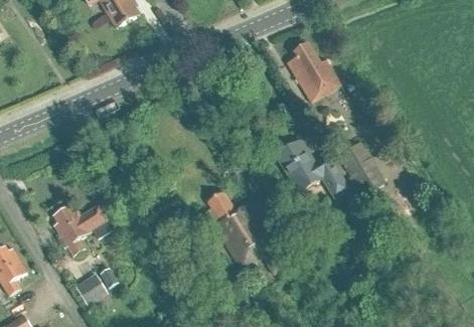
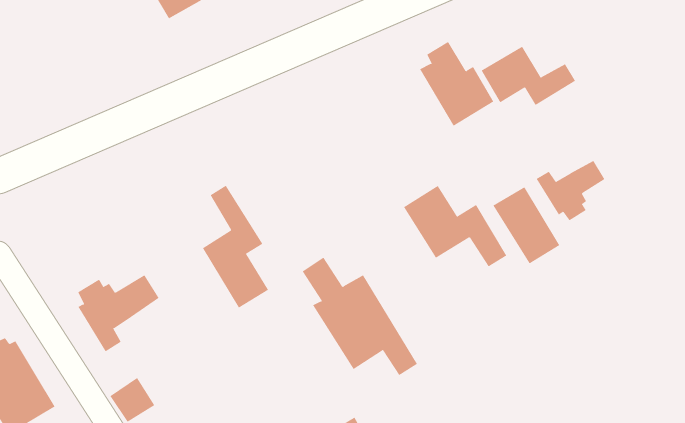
building: none -> [481,46,576,106]
building: none -> [536,160,605,221]
building: none -> [202,185,269,309]

